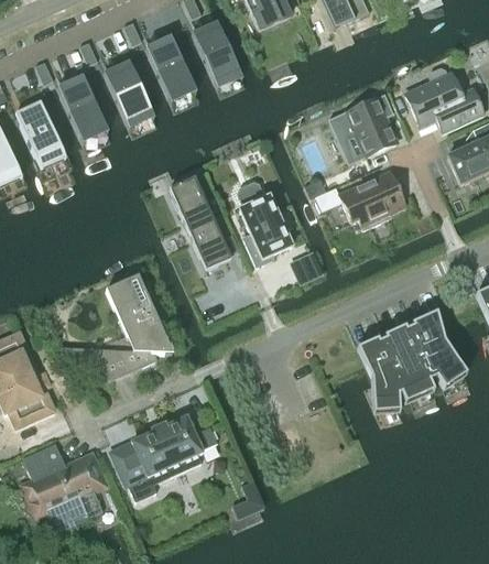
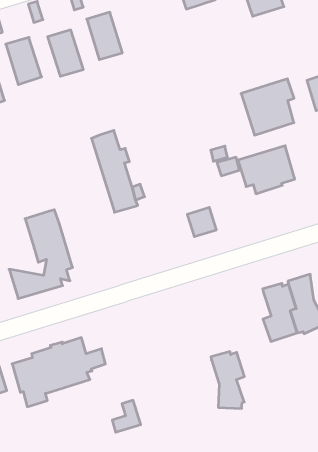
building: [194,29,239,83] -> none
building: [238,182,292,265] -> none
building: [357,338,401,403] -> [211,352,244,408]

